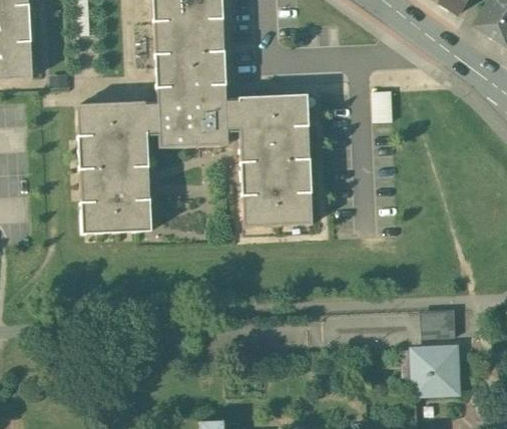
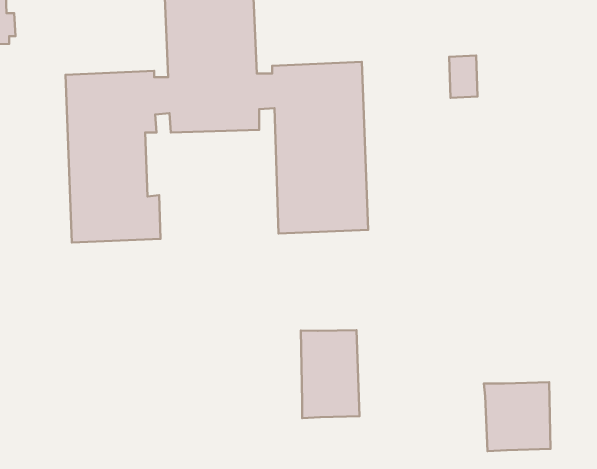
building: none -> [301,330,360,418]
building: [419,314,454,344] -> none

